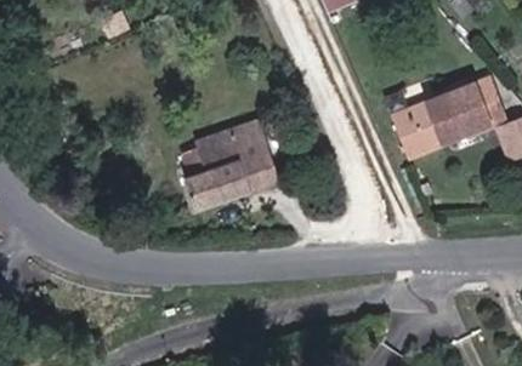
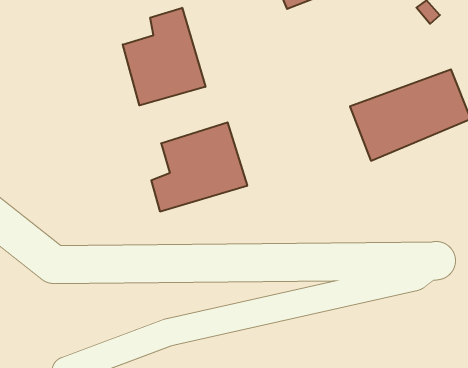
building: none -> [123,8,205,105]

